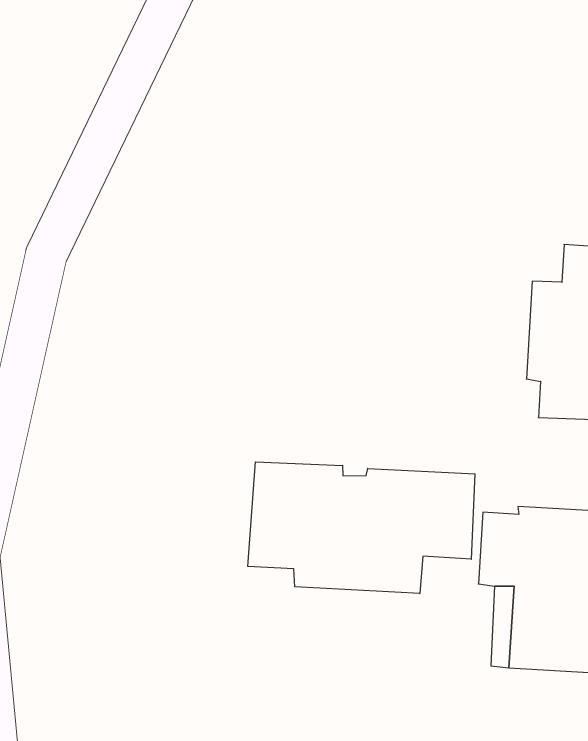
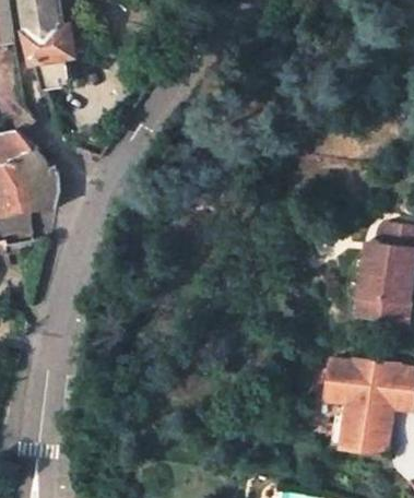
building: [248,462,475,594] -> none

